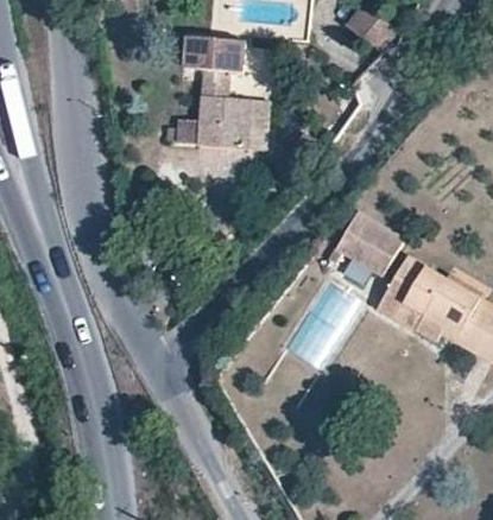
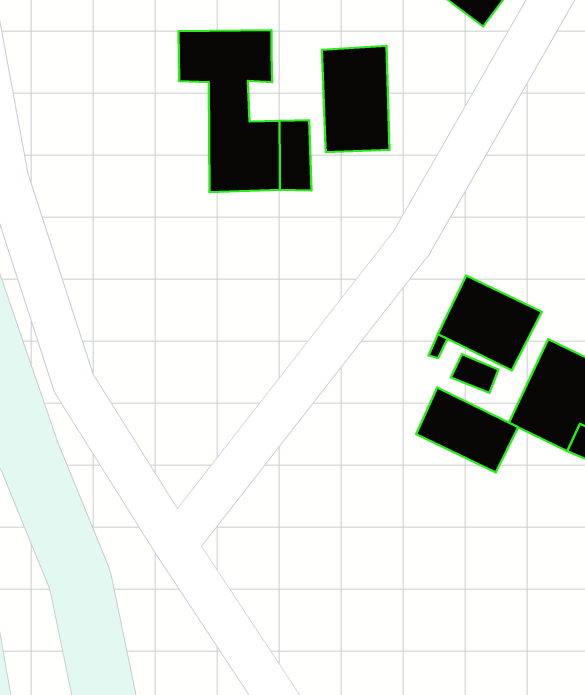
building: none -> [322,46,389,152]
building: none -> [416,387,518,473]

